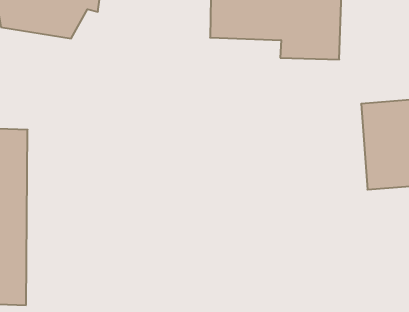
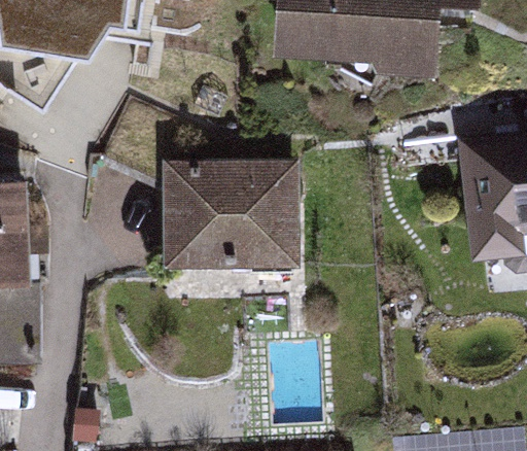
building: none -> [156,160,297,270]

